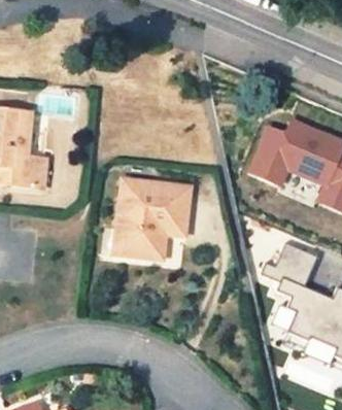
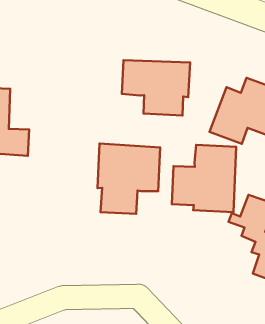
building: none -> [122,60,190,115]
building: none -> [172,145,236,212]

